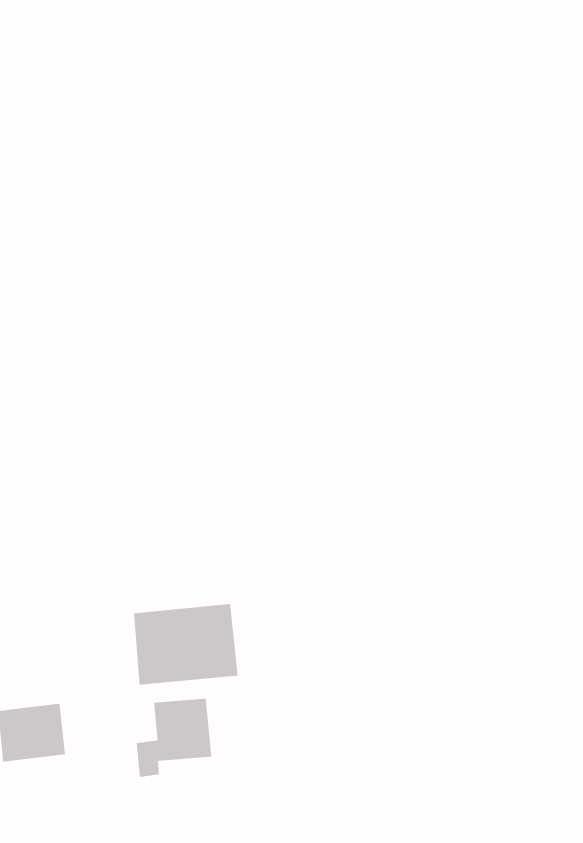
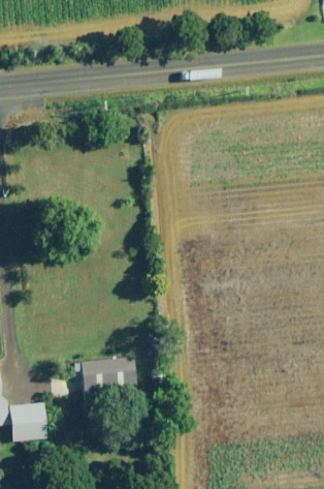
building: [136,698,212,778] -> none

